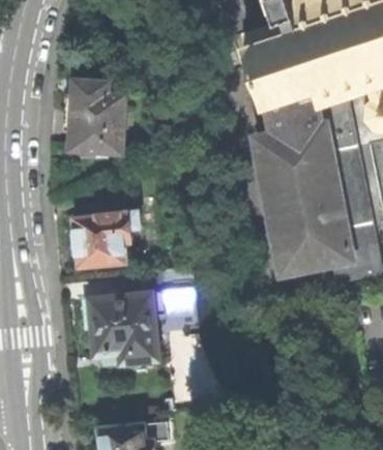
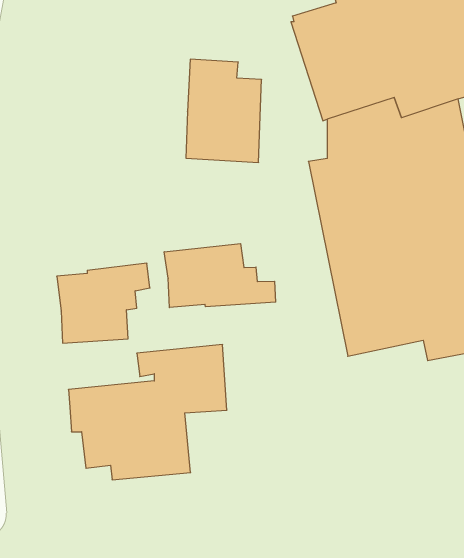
building: [67,80,121,153] -> [186,59,262,162]
building: none -> [164,244,276,308]

